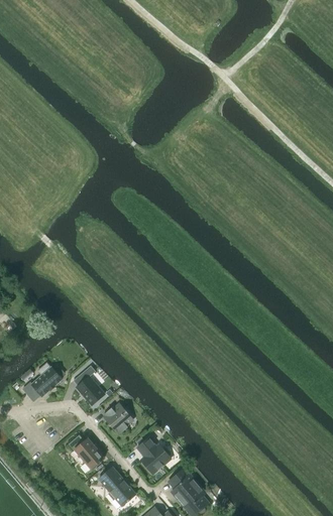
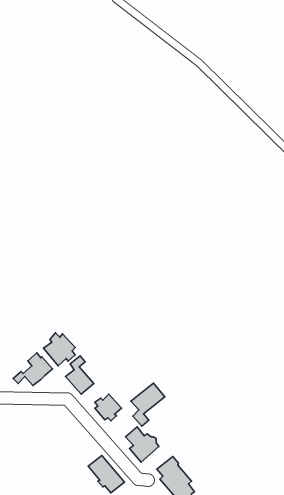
building: none -> [44,333,75,366]
building: none -> [131,383,165,426]
building: [68,435,105,470] -> none

